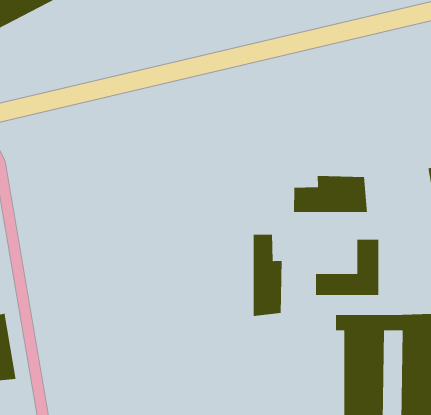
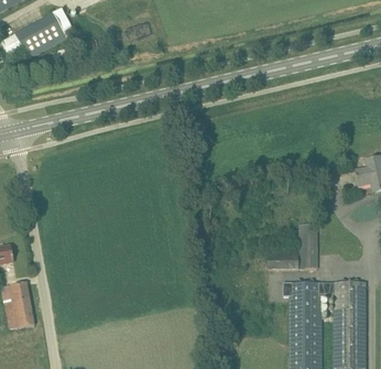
building: [293,175,368,213] -> none
building: [253,234,282,317] -> none

